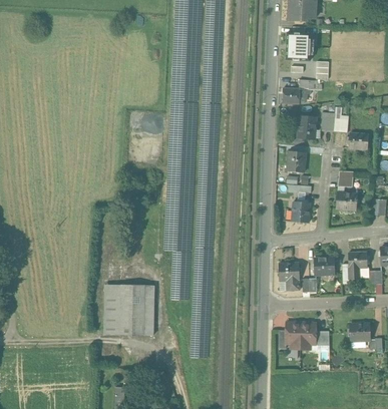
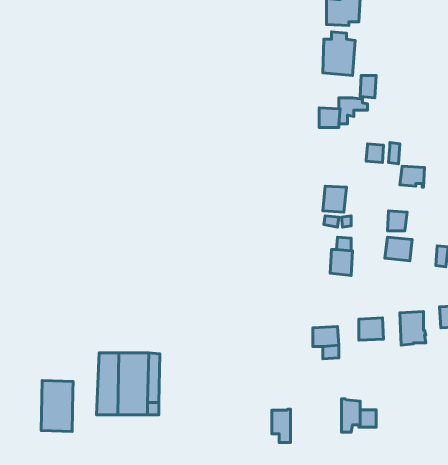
building: [298,115,321,139] -> none
building: none -> [41,380,73,432]
building: [286,322,301,349] -> [272,409,290,443]
building: [351,323,371,343] -> none

